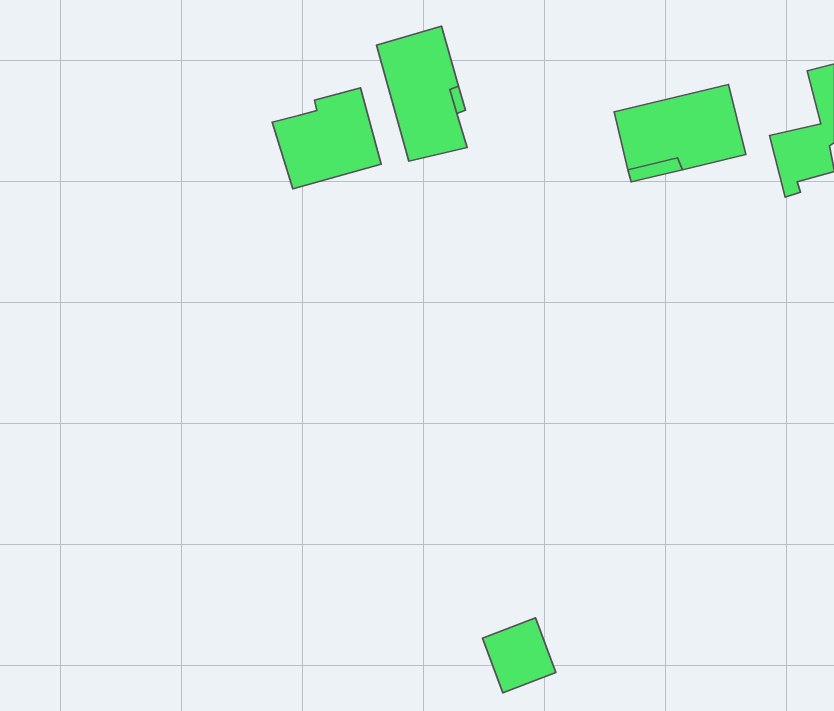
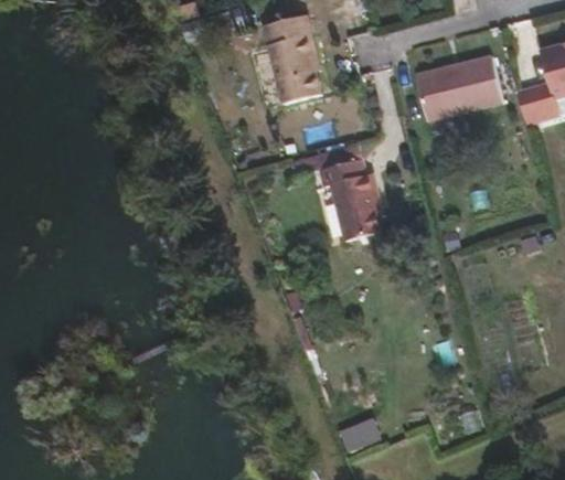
building: [272,88,381,189] -> none
building: none -> [319,159,380,239]

